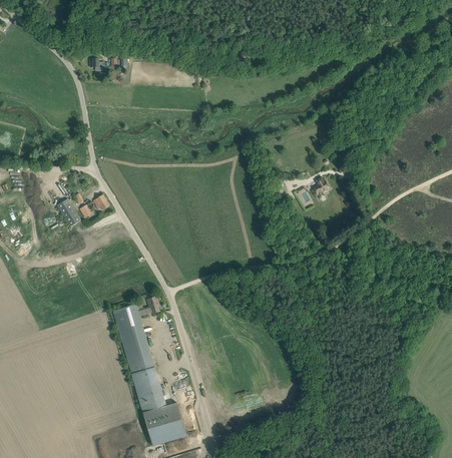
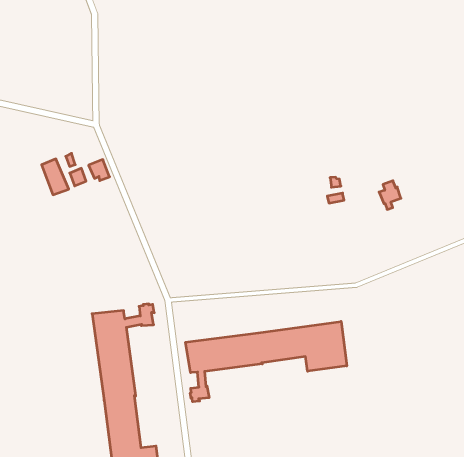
building: none -> [186,321,347,402]

